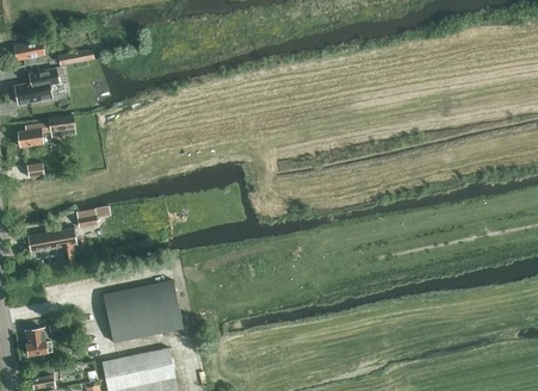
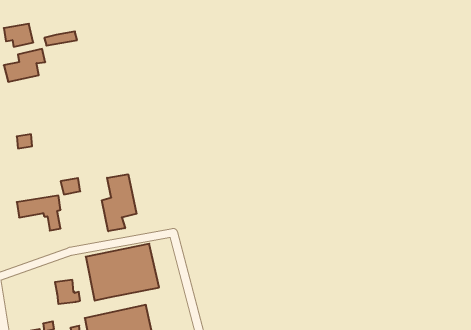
building: [17,114,74,147] -> none
building: none -> [102,174,137,231]
building: [24,328,51,354] -> [55,280,80,304]

